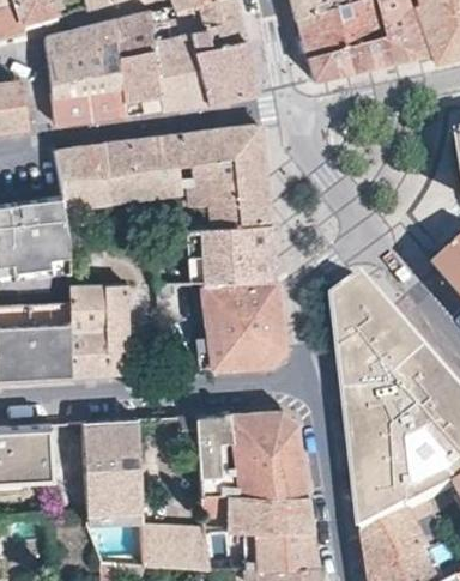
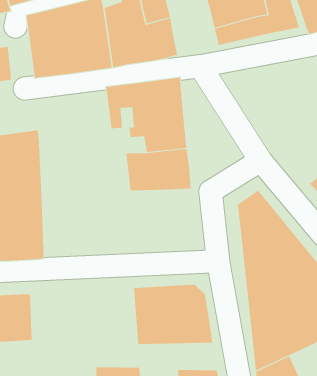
building: [58,135,163,207] -> none
building: [200,278,284,368] -> none
building: [67,283,129,375] -> none
building: [81,419,141,513] -> none
building: [200,492,311,531] -> none

